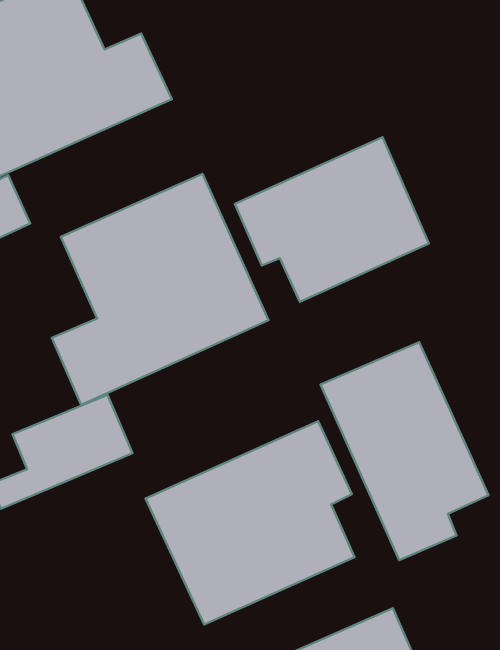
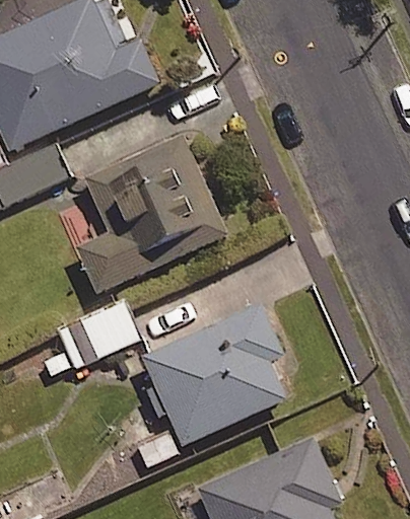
building: [235,137,429,302] -> none
building: [320,342,488,560] -> none

